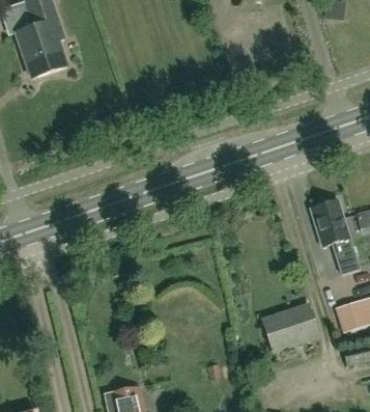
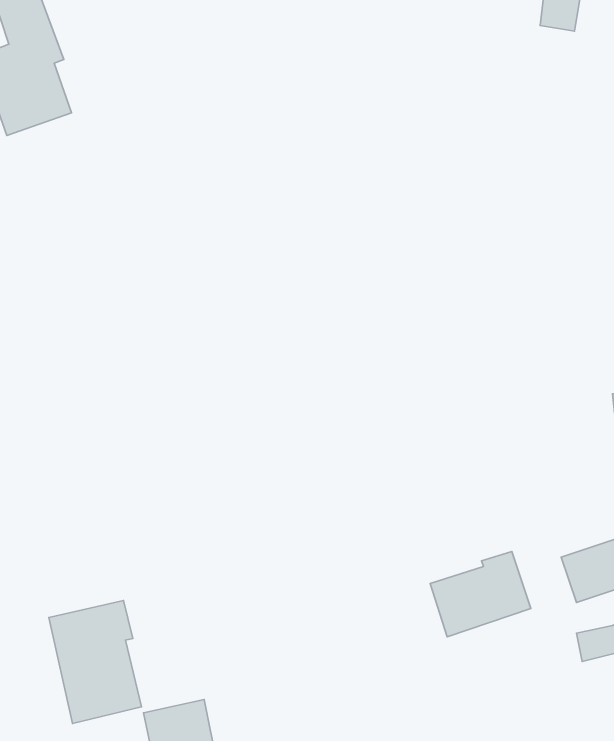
building: [311,199,358,271] -> none
building: none -> [49,601,142,723]

